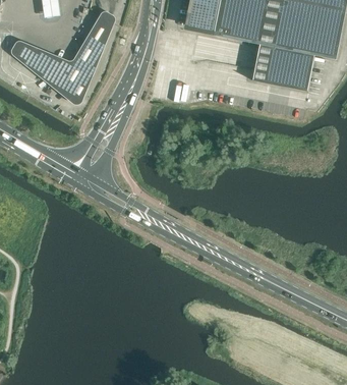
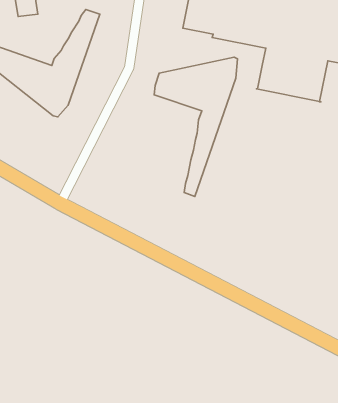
building: none -> [154,57,237,197]

